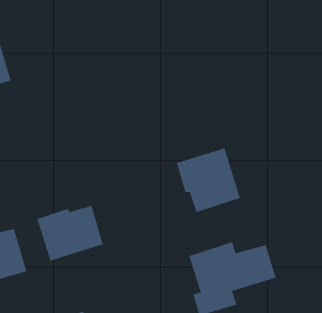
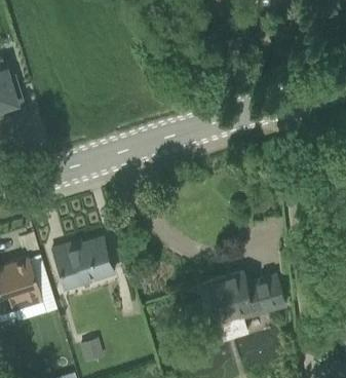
building: [176,148,241,213] -> none

